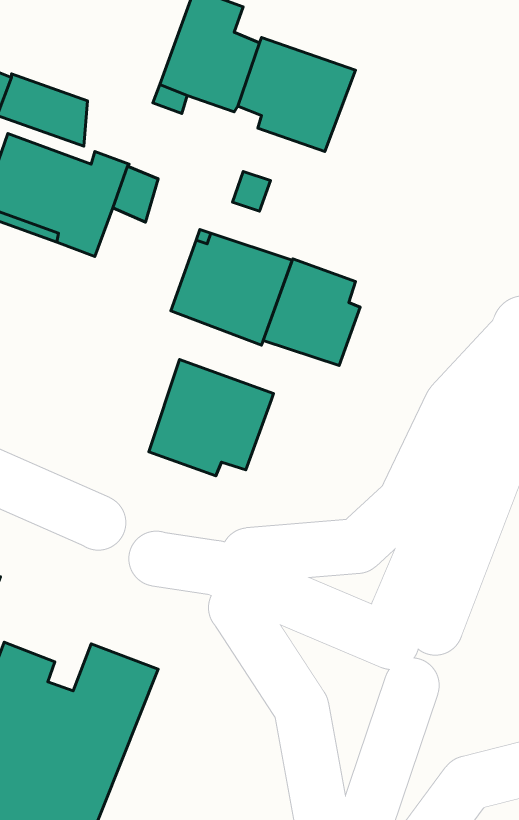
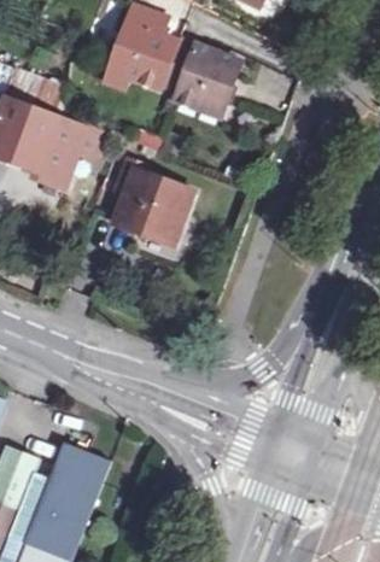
building: [263,259,360,366] -> none
building: [149,359,274,476] -> none

